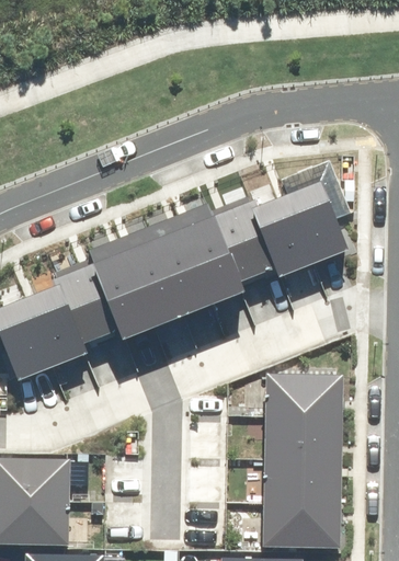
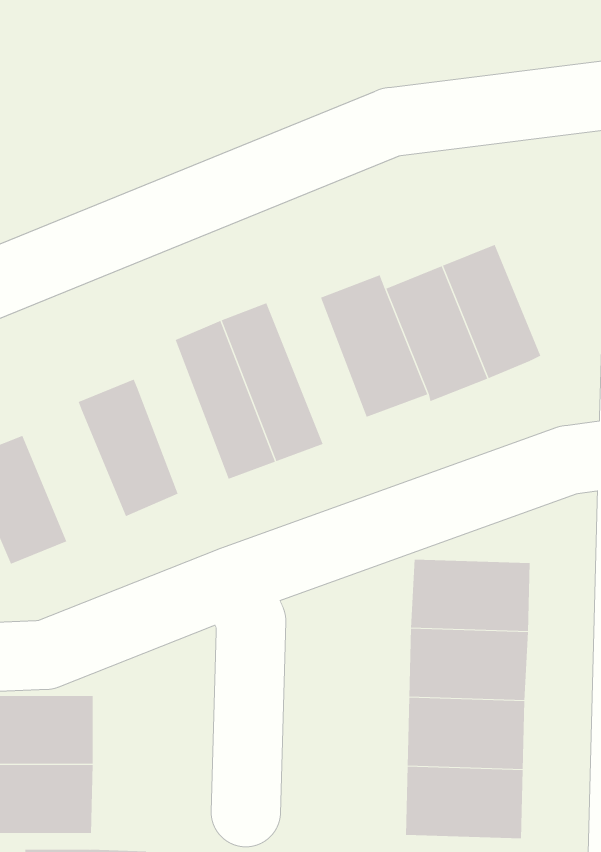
building: [179,205,242,304] -> none
building: [92,239,155,337] -> none
building: [27,283,91,364] -> none

